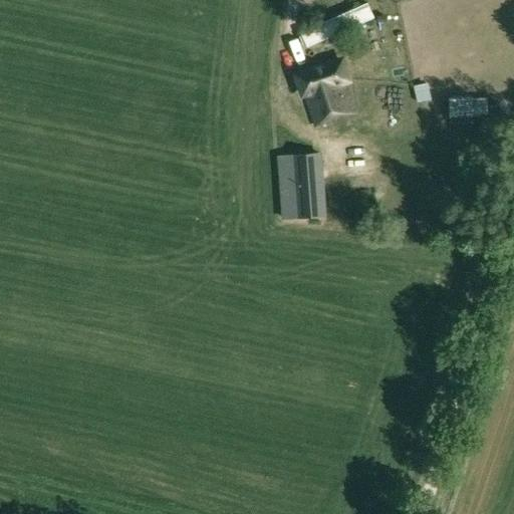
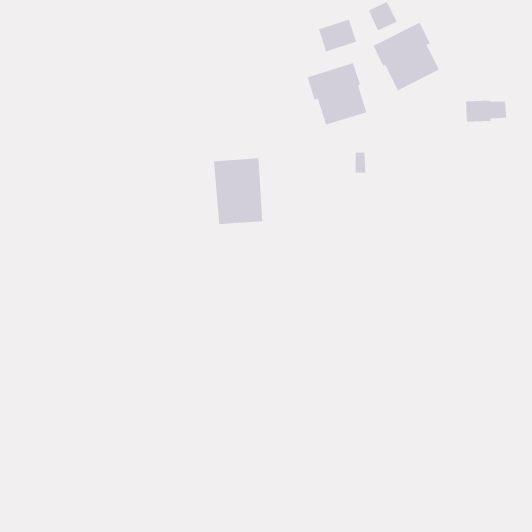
building: none -> [373,22,439,91]
building: [278,155,326,219] -> [213,158,263,225]

